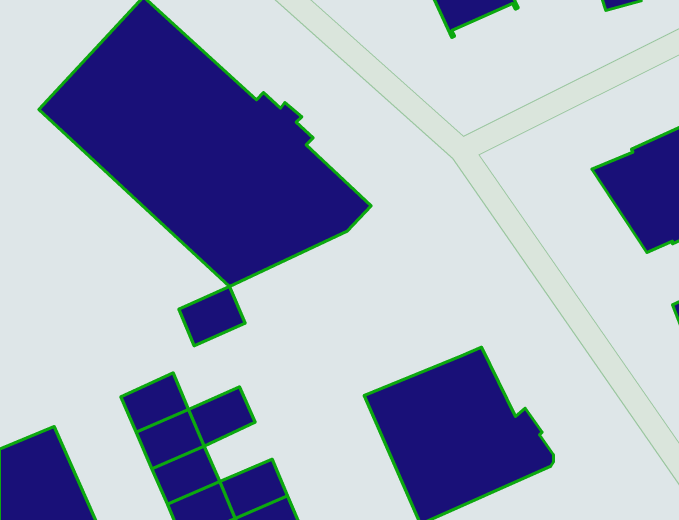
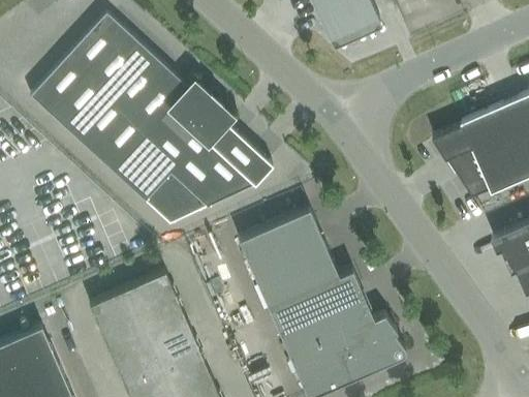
building: none -> [240,209,339,305]
building: [179,286,245,346] -> [128,272,177,315]
building: none -> [151,325,200,368]

